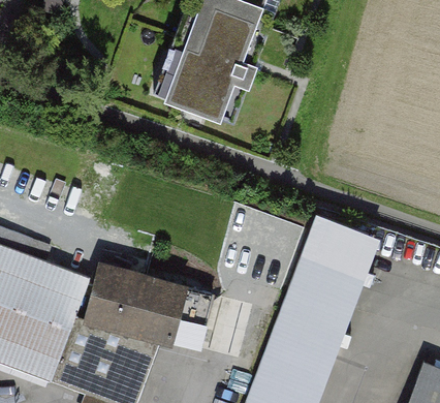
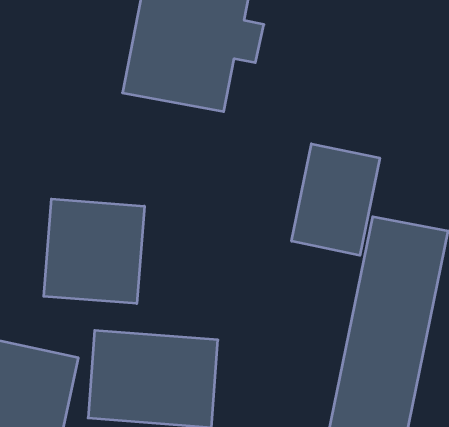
building: none -> [292,144,380,255]
building: none -> [44,199,144,304]

